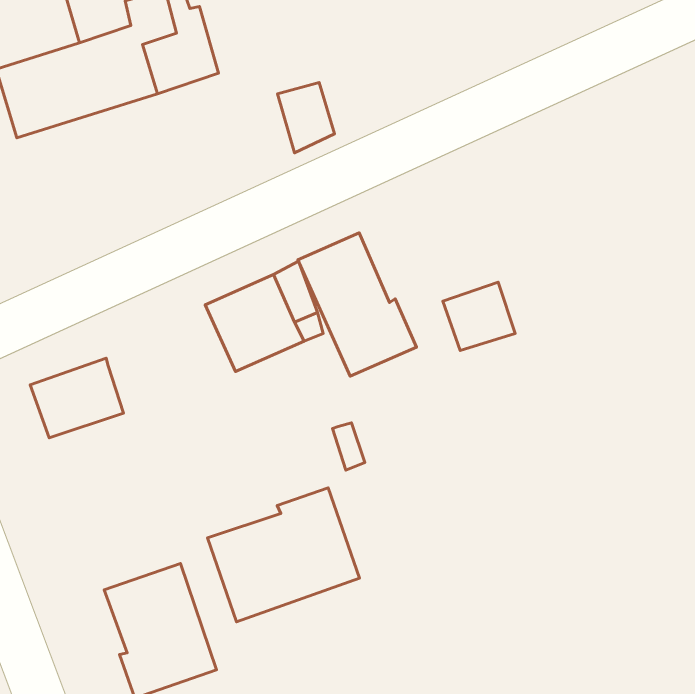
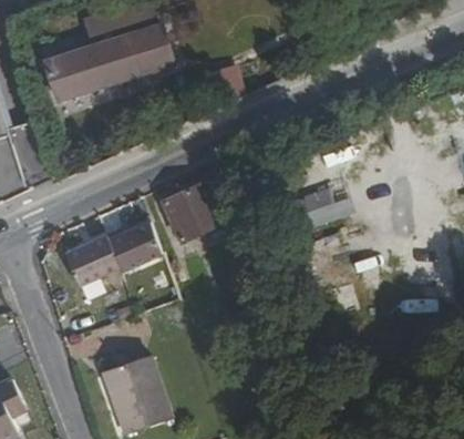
building: [298,233,416,376] -> none
building: none -> [106,221,159,265]
building: [207,488,359,622] -> none

